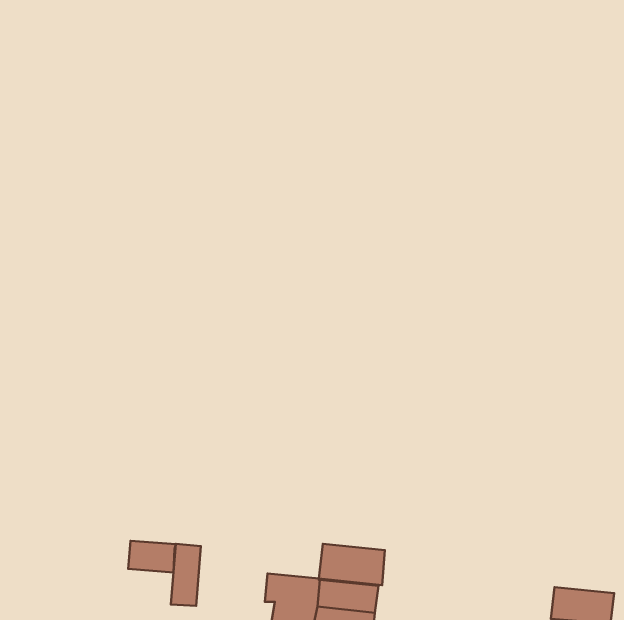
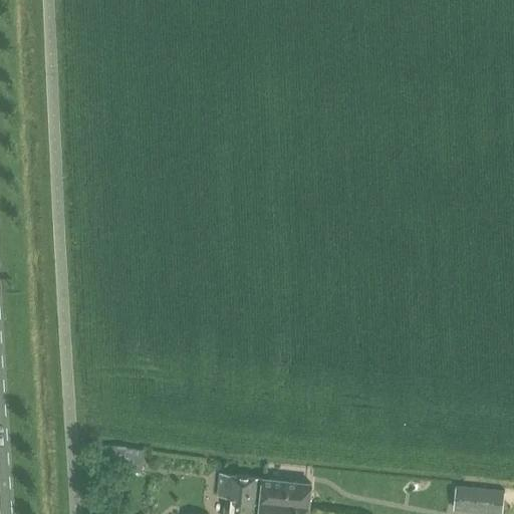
building: [319,544,385,585] -> none
building: [171,544,201,606] -> none

